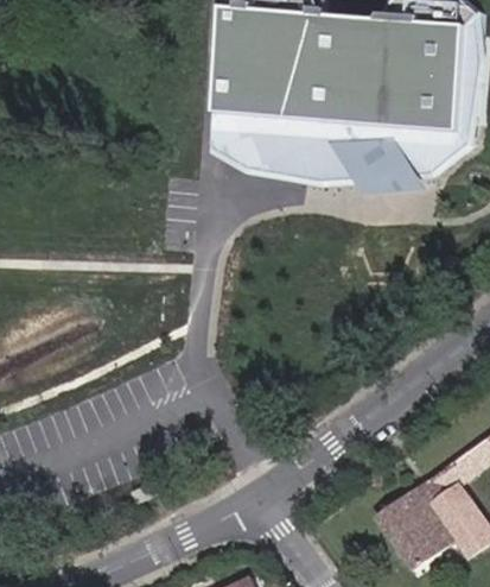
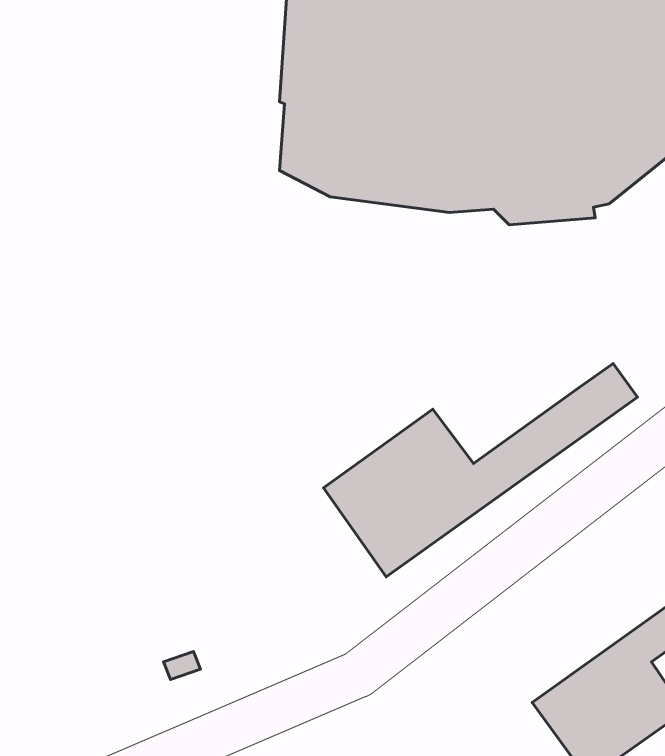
building: none -> [324,364,637,577]

